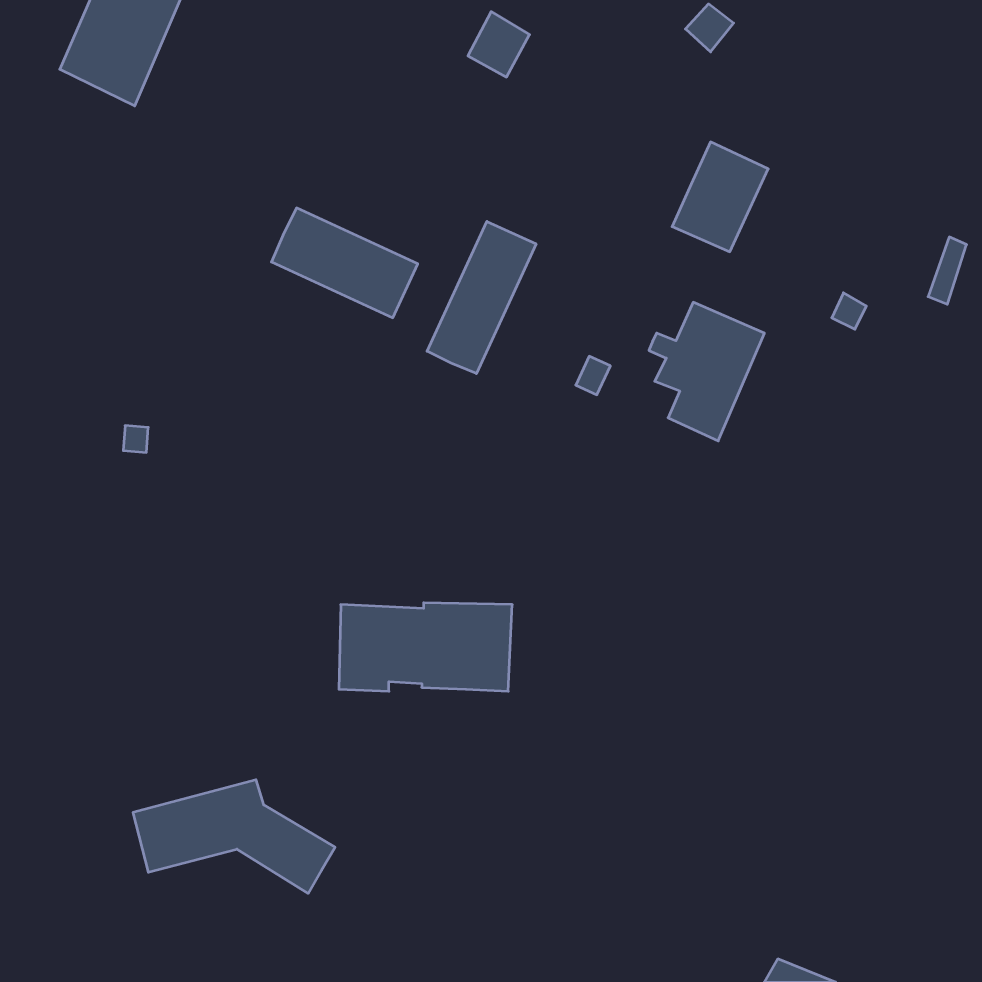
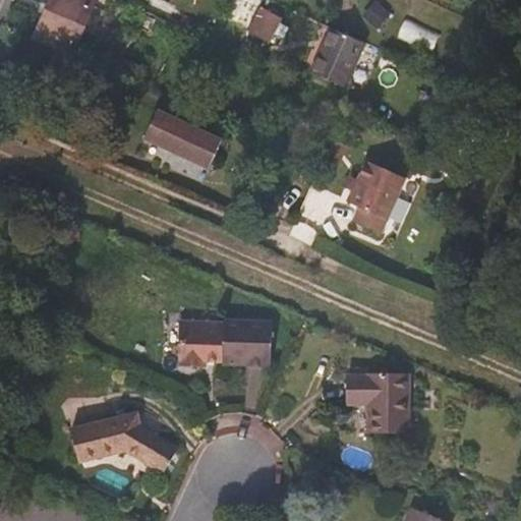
building: [672,142,768,252] -> [311,27,362,85]
building: [427,221,536,374] -> none
building: none -> [345,368,408,432]

